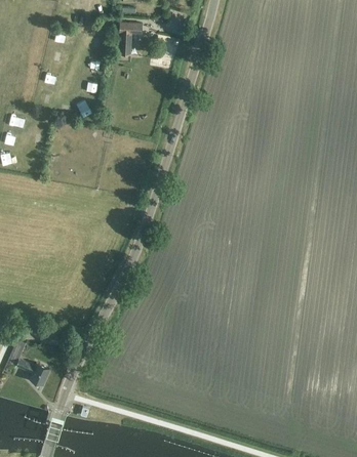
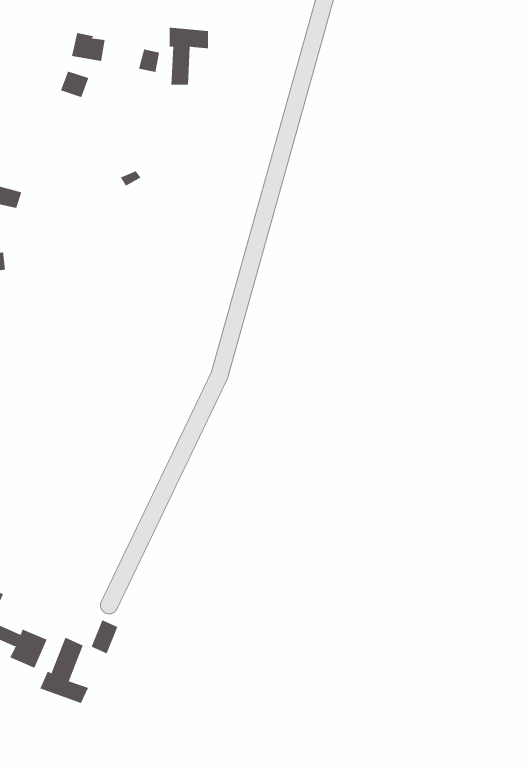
building: none -> [39,637,89,704]

